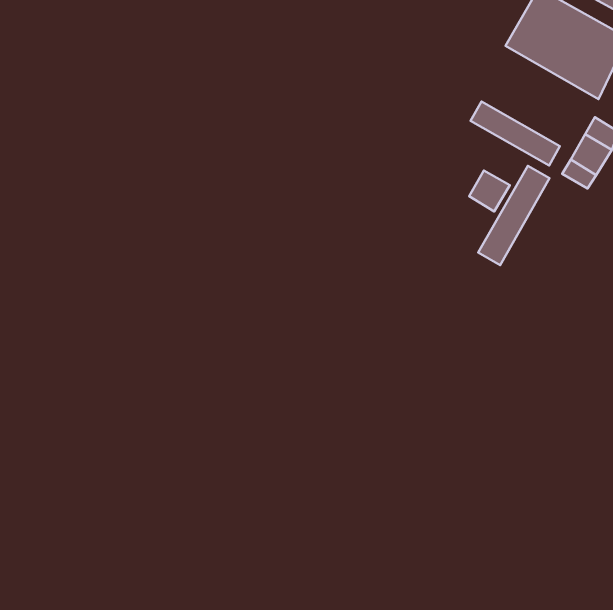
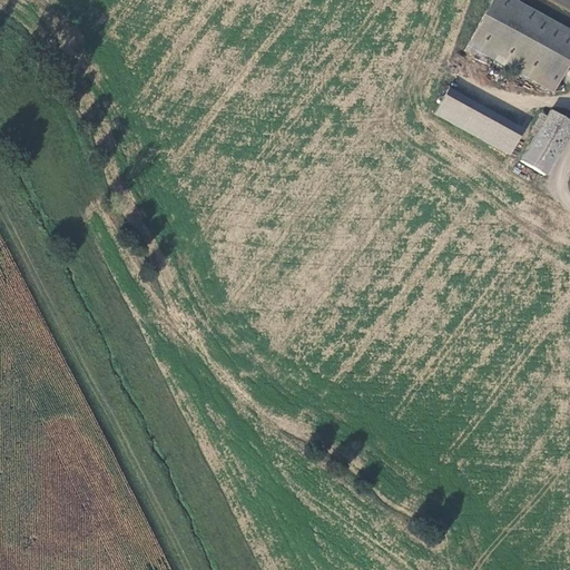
building: [478,166,550,265] -> none
building: [469,170,510,211] -> none

